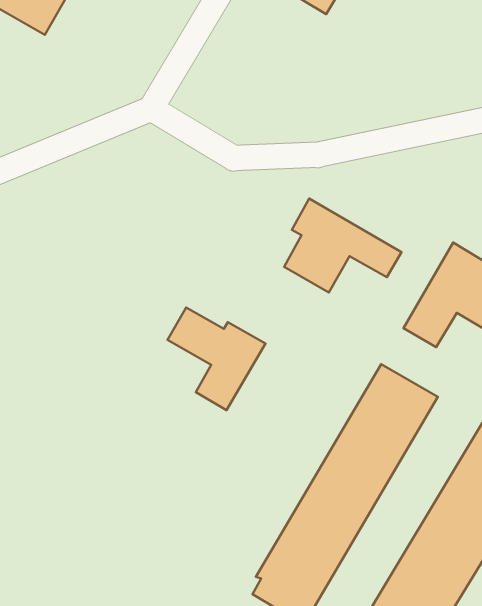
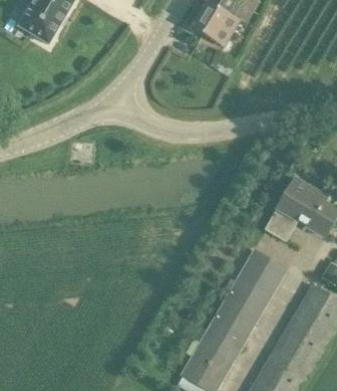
building: [284,198,402,293] -> none
building: [167,308,266,410] -> none

